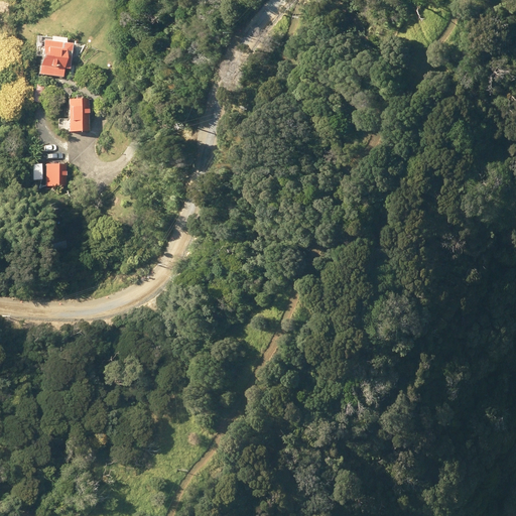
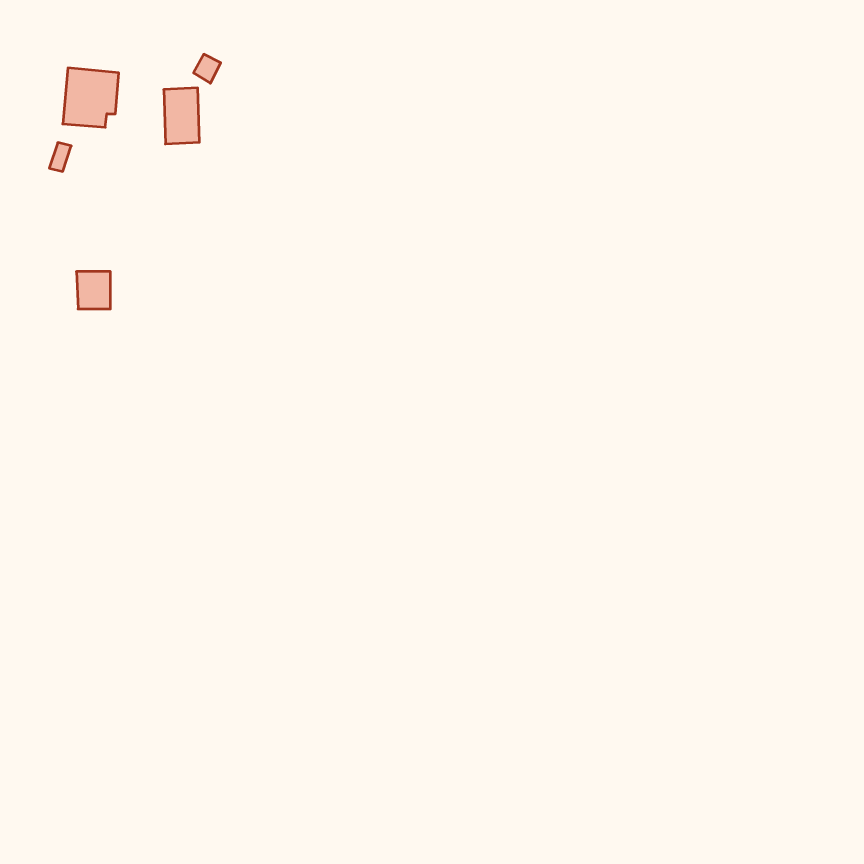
building: [69,99,90,132] -> [164,88,199,144]

